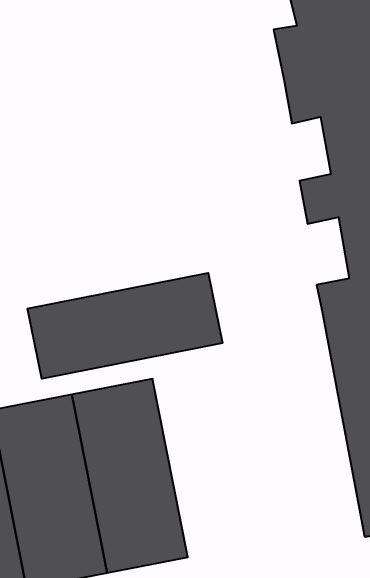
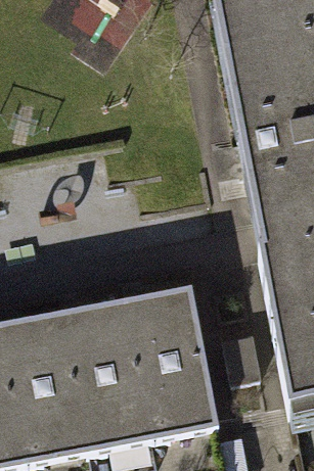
building: [28,273,222,379] -> none
building: none -> [128,285,220,437]

